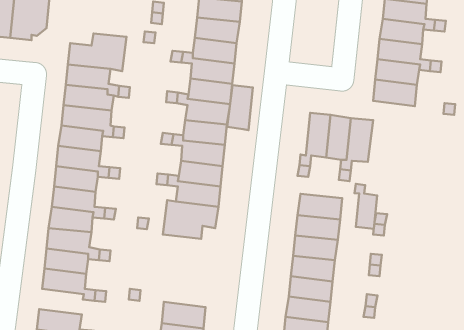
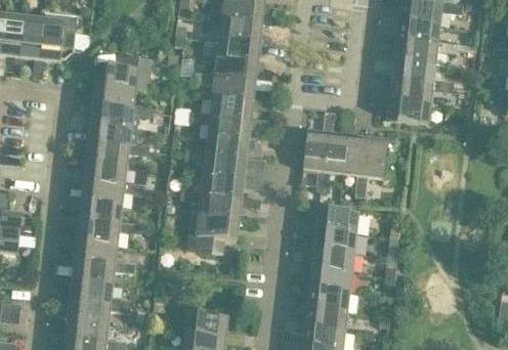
building: [227,85,253,130] -> [303,127,328,170]
building: [355,184,377,229] -> none
building: none -> [68,298,111,322]

